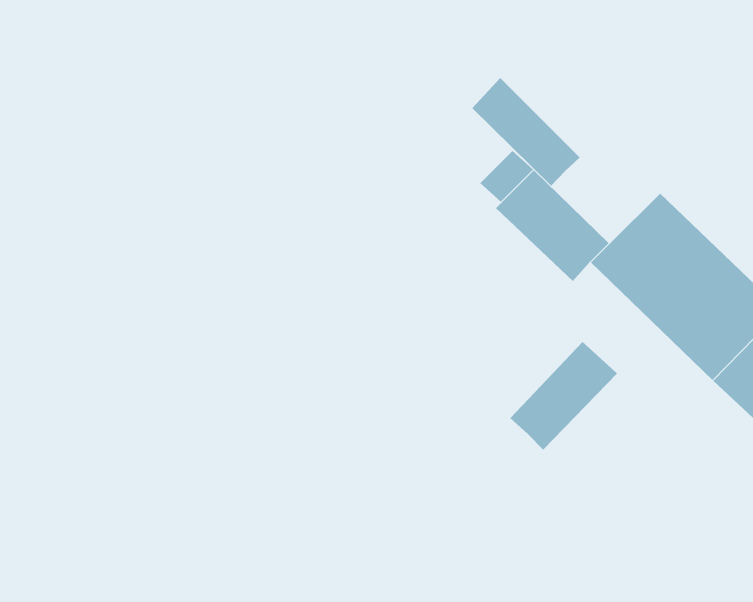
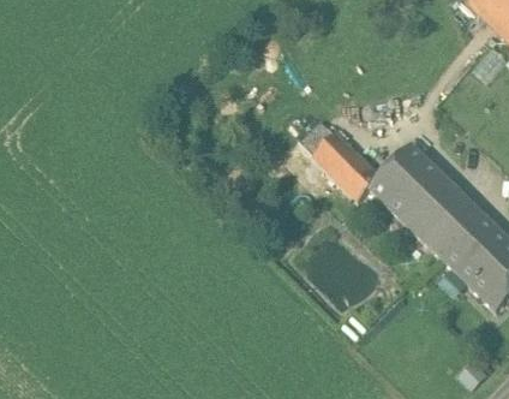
building: [471,77,580,186] -> none
building: [510,341,618,451] -> none

